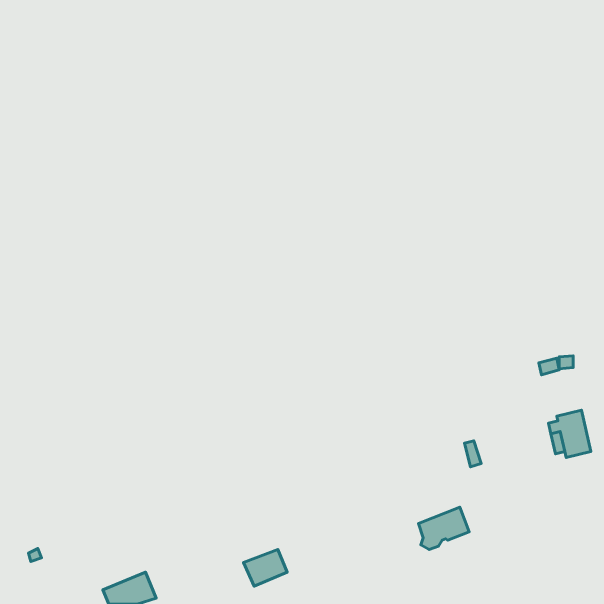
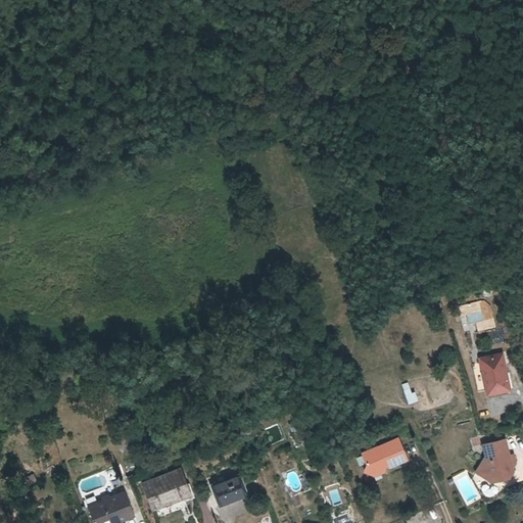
building: none -> [478,439,517,480]
building: none -> [145,471,190,510]

